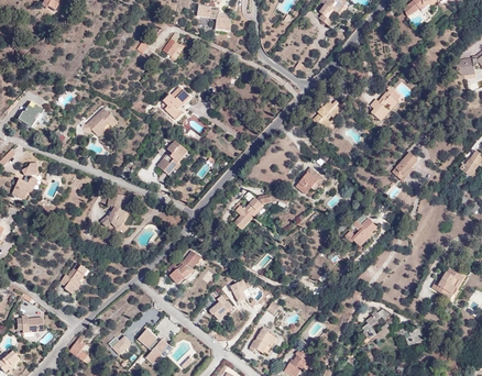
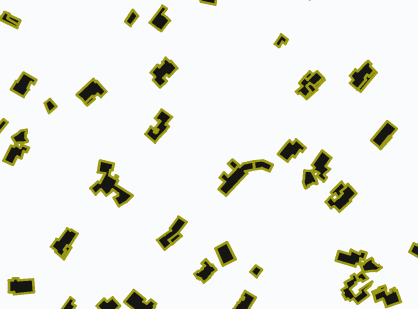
building: none -> [303,151,331,188]
building: none -> [336,250,382,272]

